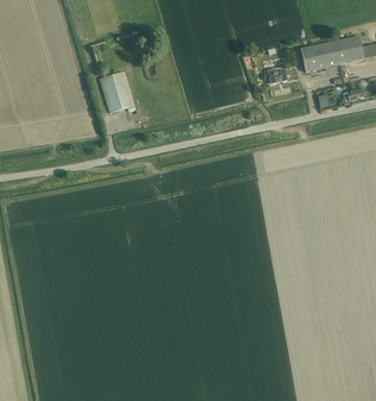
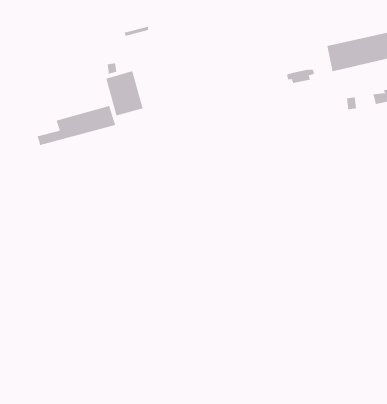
building: none -> [37,105,116,146]

